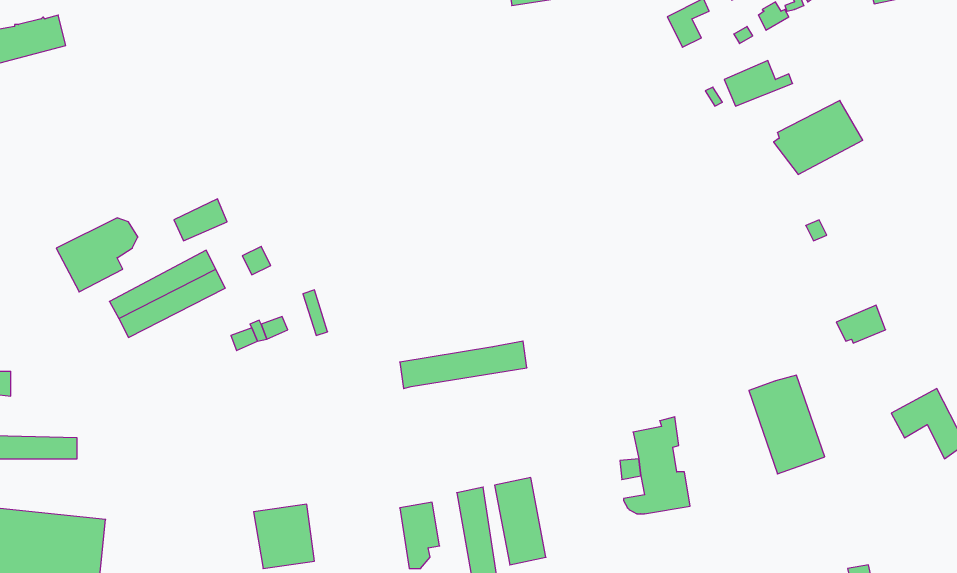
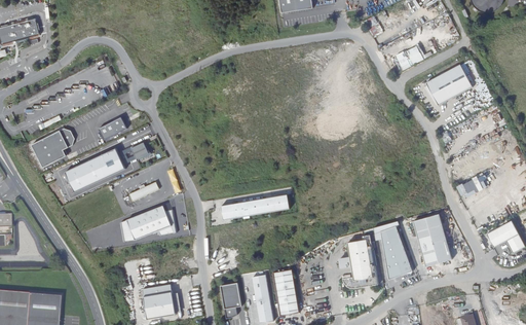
building: none -> [120,205,176,242]
building: none -> [380,225,410,278]

